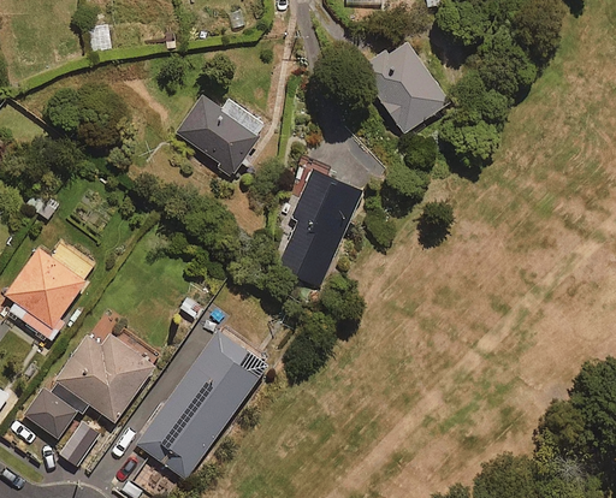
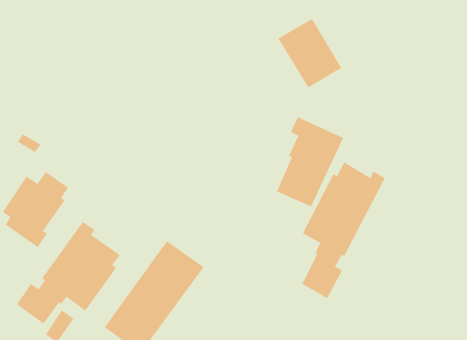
building: [177,97,267,172] -> none
building: [276,165,363,283] -> [276,117,344,207]
building: none -> [301,161,385,299]

